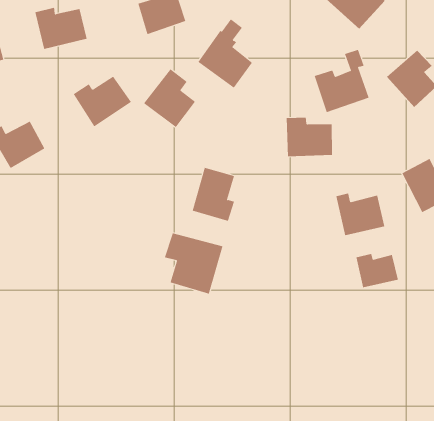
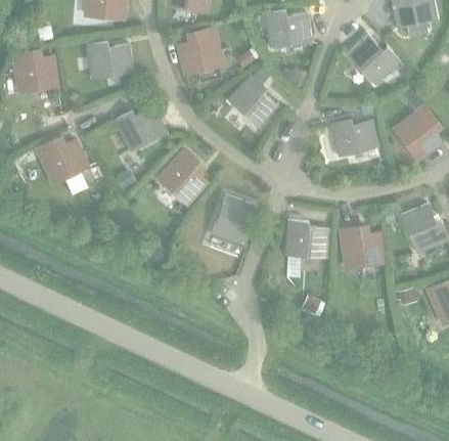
building: [143,68,196,128] -> [159,150,206,204]
building: [286,117,333,157] -> [285,221,328,258]
building: [164,232,223,295] -> none
building: [356,253,398,288] -> none

